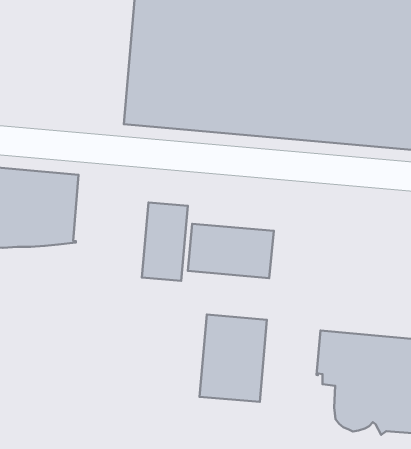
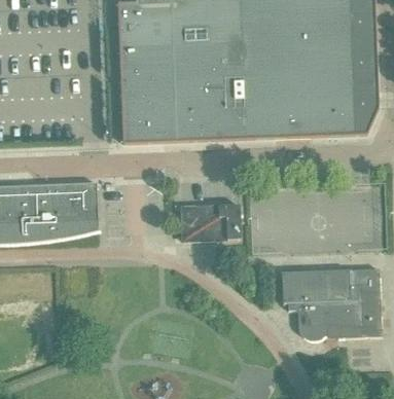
building: [142,202,188,281] -> none
building: [199,315,267,402] -> none

